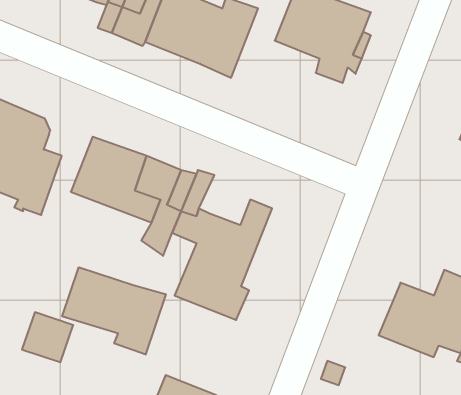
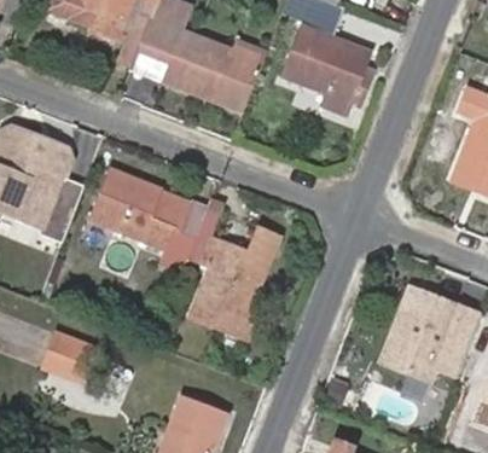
building: [62,267,166,355] -> none

